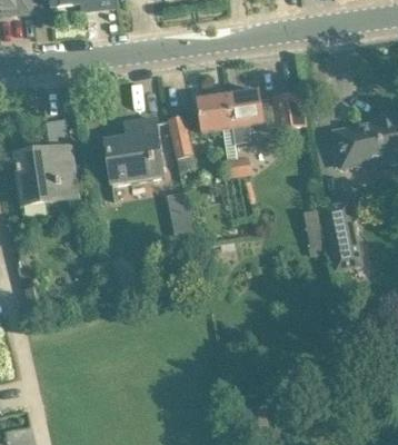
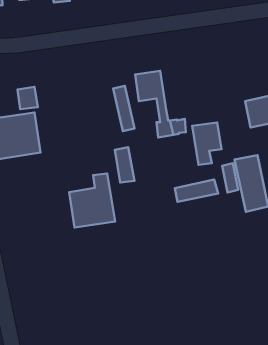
building: [227,90,263,144] -> [192,122,222,165]
building: [271,93,305,130] -> none
building: [105,118,162,186] -> [69,174,115,228]
building: none -> [175,179,218,202]

